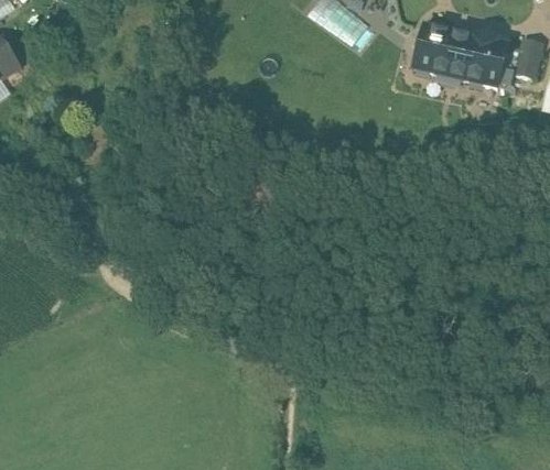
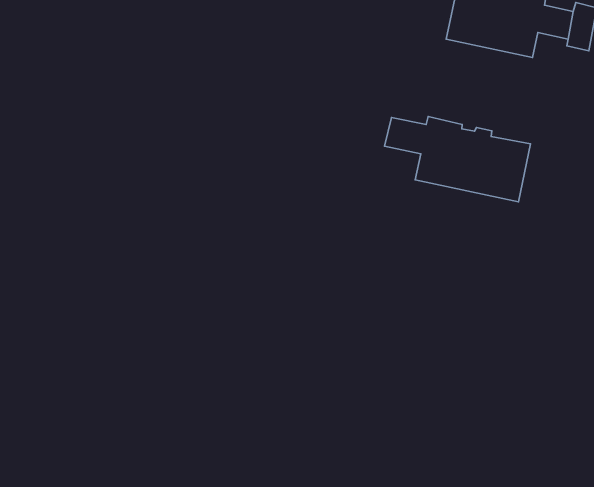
building: none -> [385,116,531,202]

